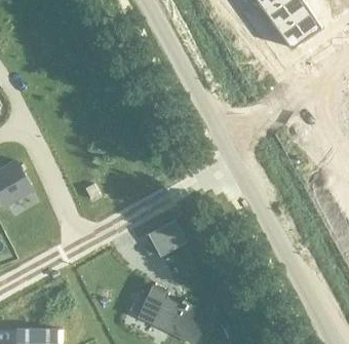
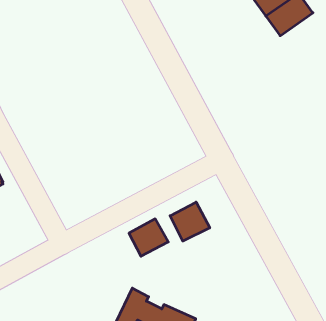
building: none -> [170,202,210,241]

